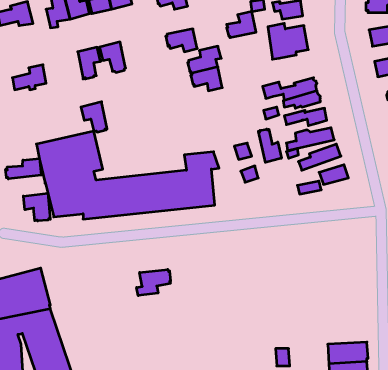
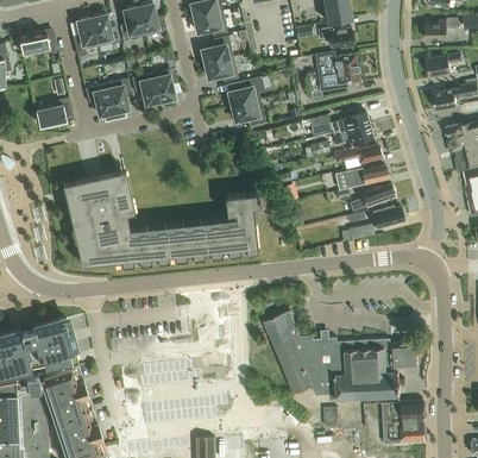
building: [227,11,256,38] -> [201,36,233,64]
building: none -> [155,68,178,102]
building: [81,102,107,132] -> [84,83,113,117]
building: [258,129,281,162] -> none
building: [6,159,41,179] -> none
building: [23,193,50,221] -> none
building: none -> [264,310,419,400]
building: [137,269,171,296] -> none

